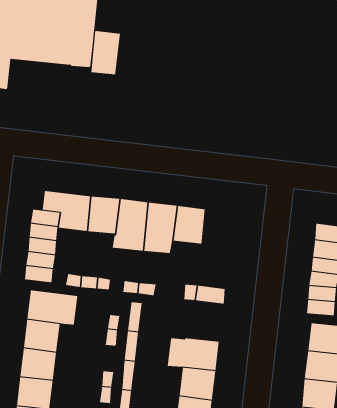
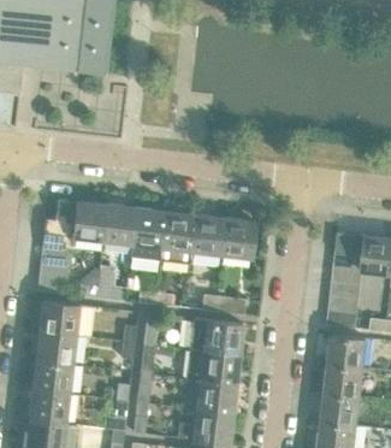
building: [91,30,121,75] -> none
building: none -> [220,219,254,258]
building: none -> [189,320,241,355]

